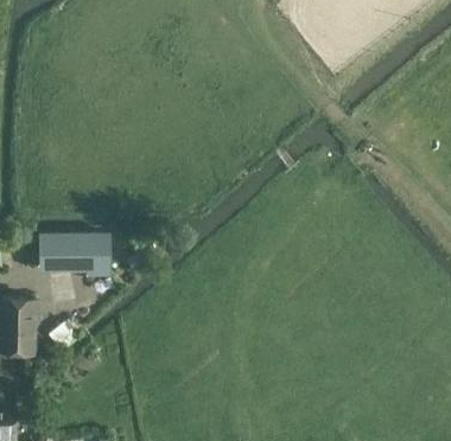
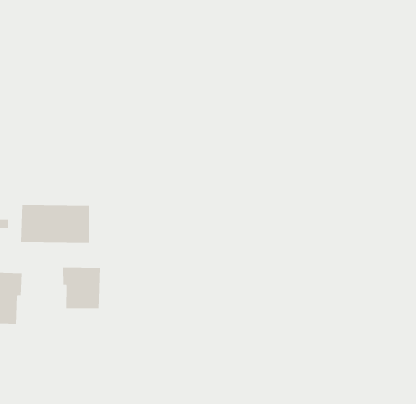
building: none -> [63,267,100,309]

